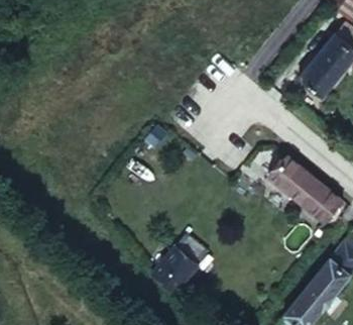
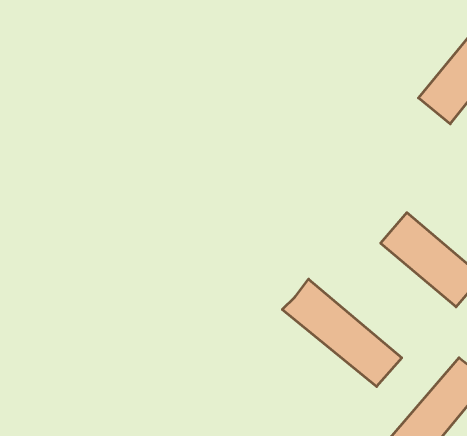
building: none -> [282,279,402,387]
building: [152,249,198,295] -> none

